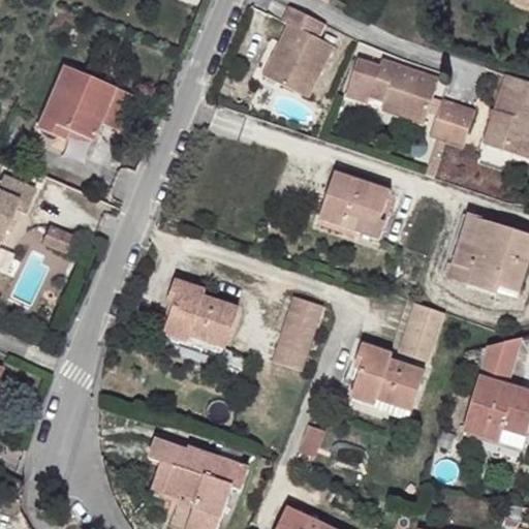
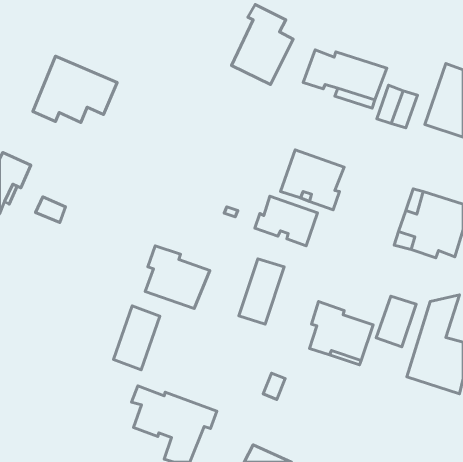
building: none -> [255,196,318,246]
building: [399,303,444,361] -> [376,296,416,347]
building: none -> [113,306,160,370]

